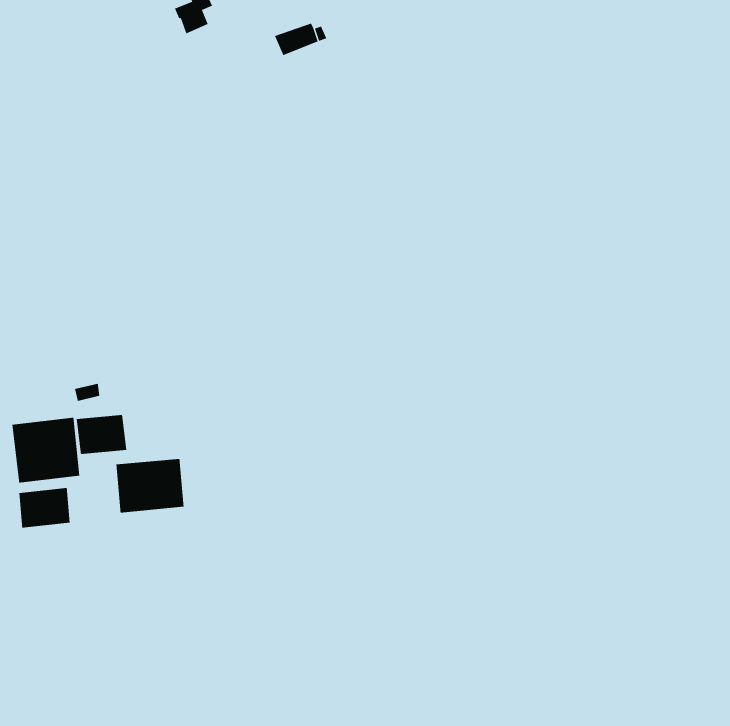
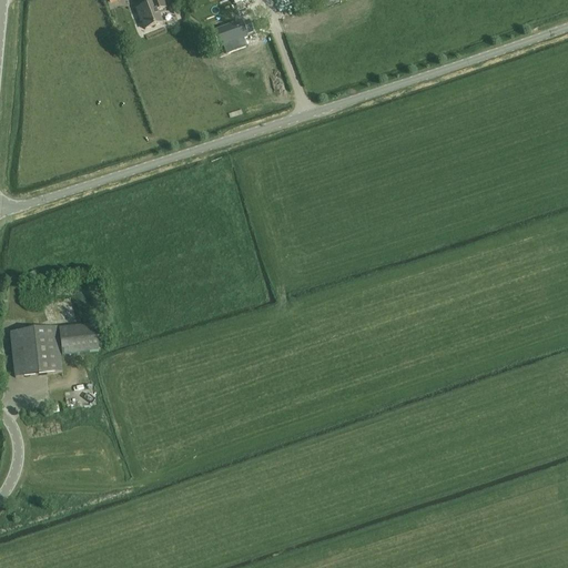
building: [116,458,184,514] -> none
building: [19,487,70,529] -> none

